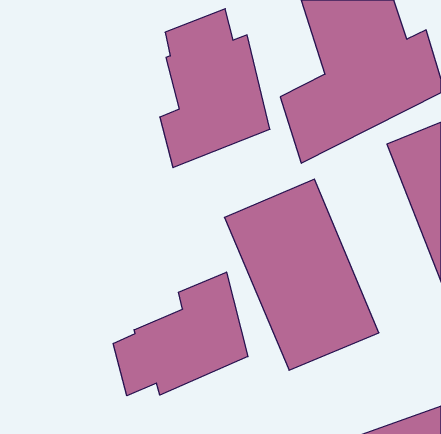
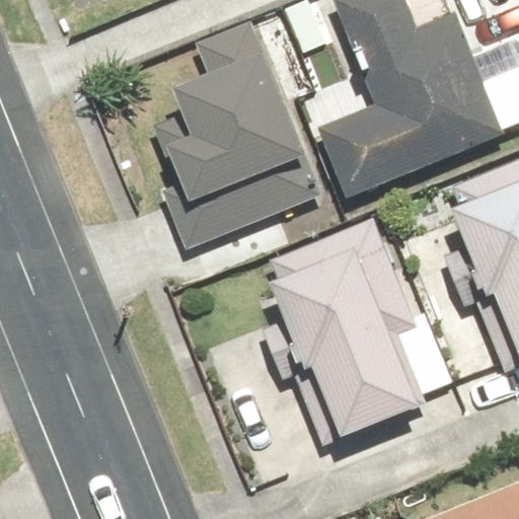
building: [113,272,248,396] -> none

